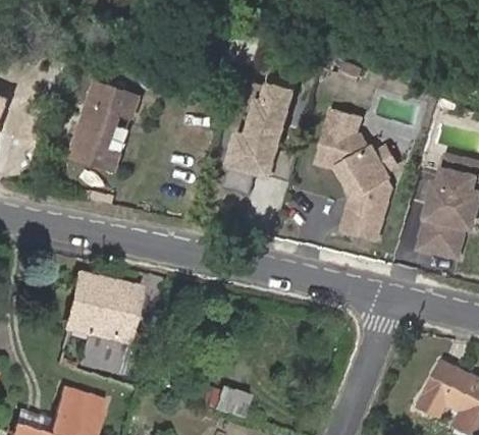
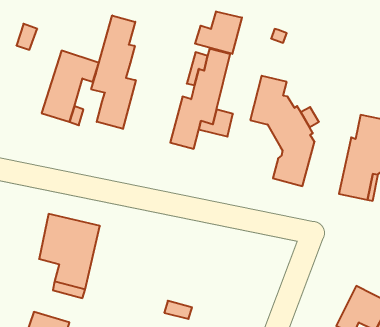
building: none -> [195,11,242,54]
building: none -> [91,15,136,129]

